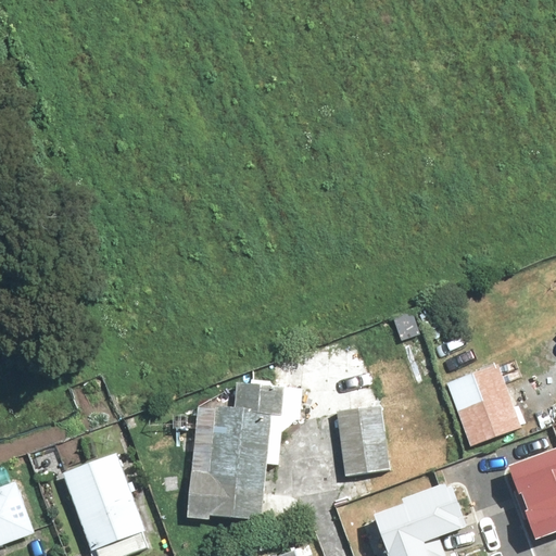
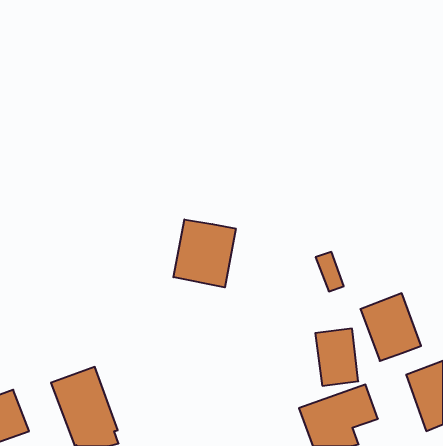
building: none -> [173,219,236,287]
building: [188,381,285,520] -> none
building: [336,406,389,477] -> [315,329,358,386]

